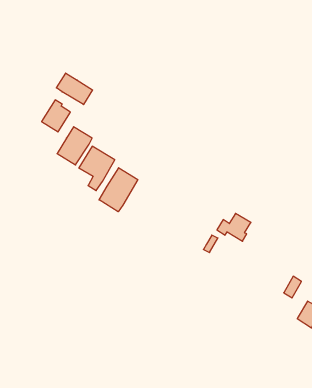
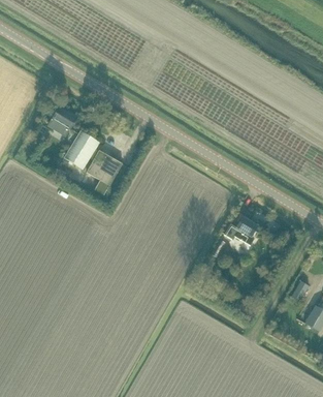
building: [56,73,93,105] -> none
building: [99,168,138,212] -> none

